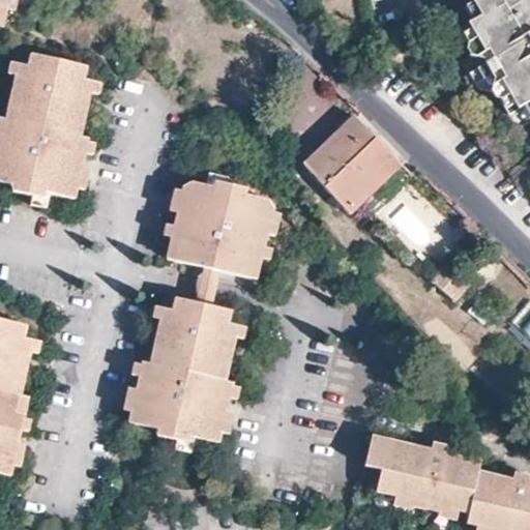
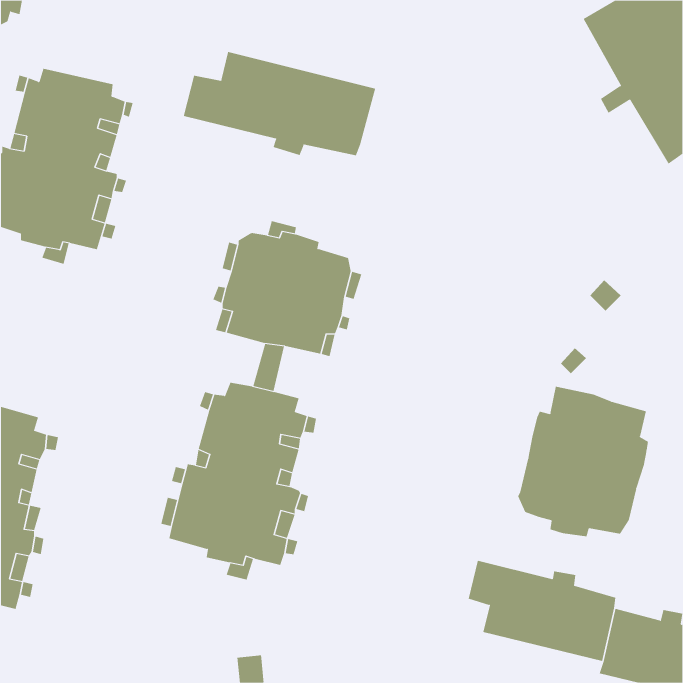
building: none -> [183,51,376,156]
building: [303,115,401,211] -> none
building: none -> [518,386,648,537]

